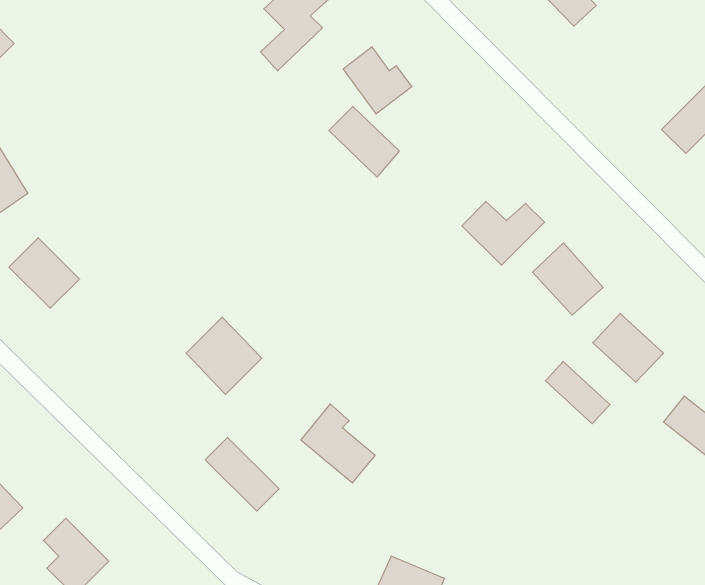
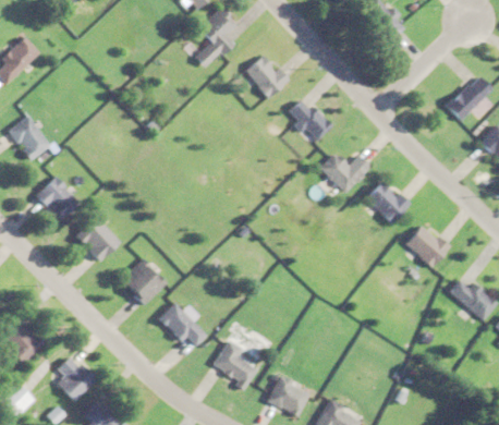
building: [329,106,399,177] -> [289,97,333,142]
building: none -> [74,215,120,260]
building: [186,317,262,394] -> [120,257,168,306]
building: [545,361,610,424] -> none
building: [301,404,375,483] -> [210,339,257,389]

